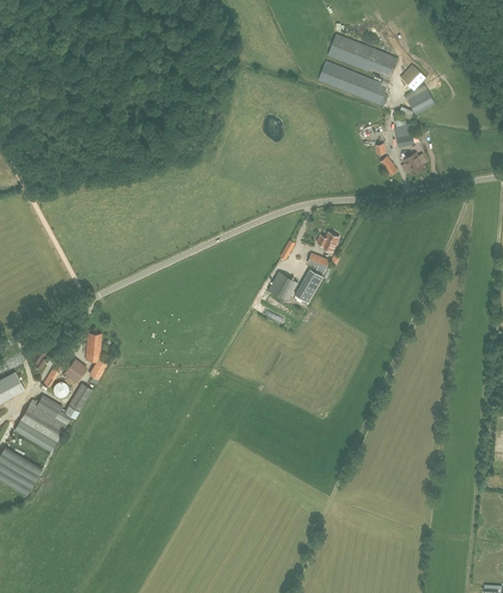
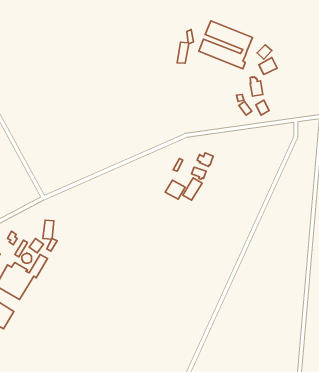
building: none -> [177,29,194,63]

